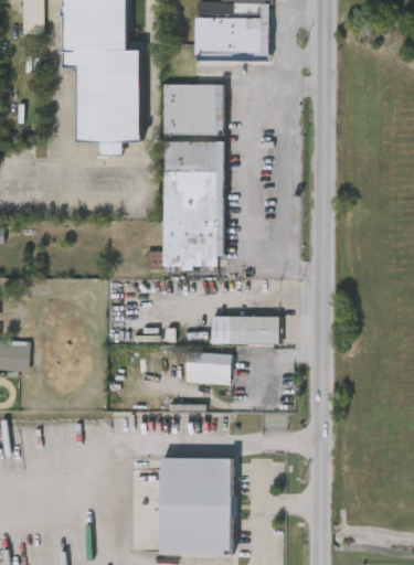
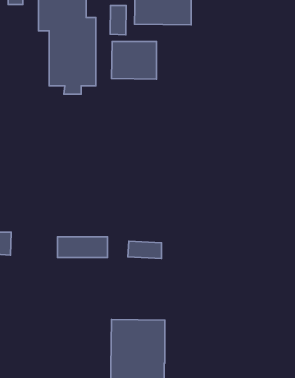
building: none -> [110,5,126,35]
building: [146,141,223,269] -> none
building: [210,317,277,344] -> [57,237,108,257]

